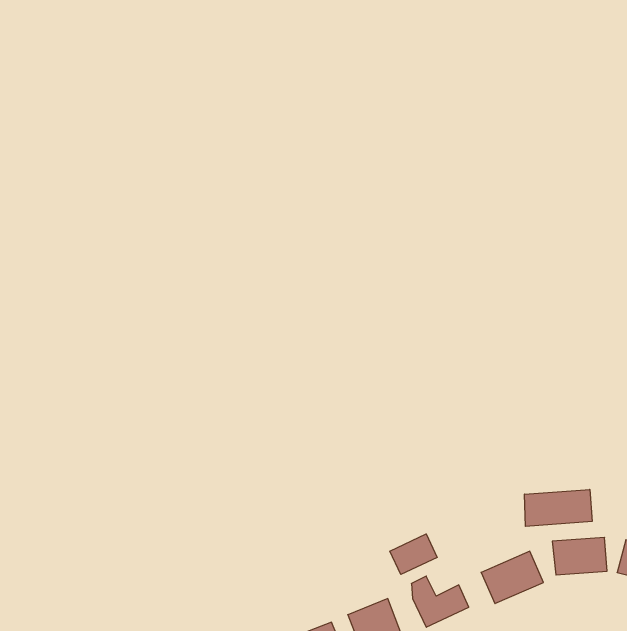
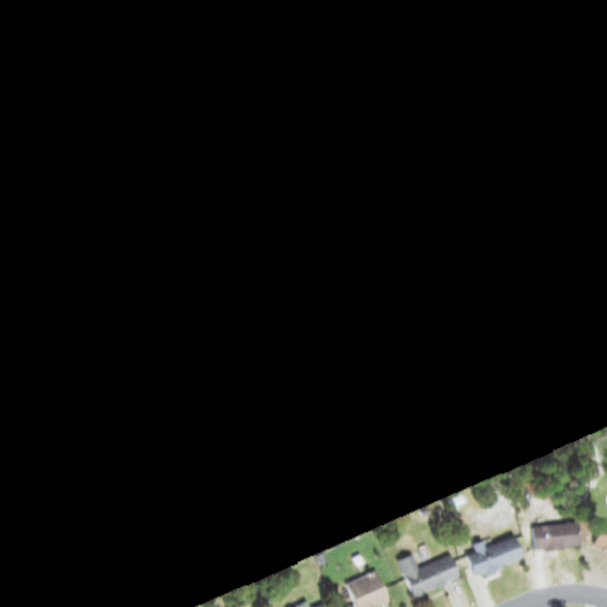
building: [525,489,592,526] -> none
building: [390,534,437,574] -> none

